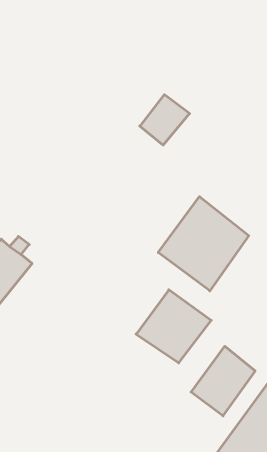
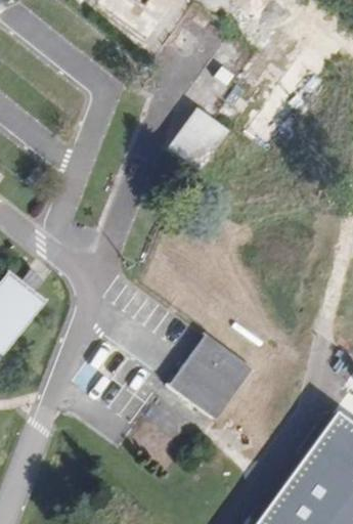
building: [158,197,249,291] -> none
building: [191,346,255,416] -> none

